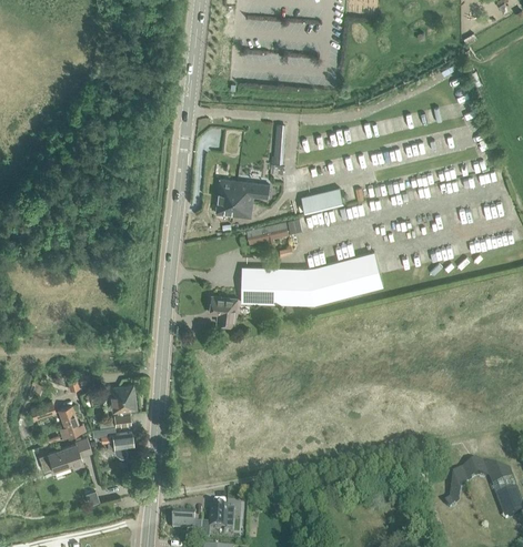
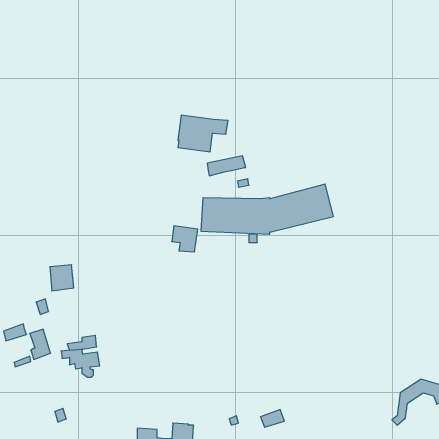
building: [301,188,343,214] -> none
building: [110,385,135,413] -> [50,265,74,291]
building: [49,437,92,470] -> none

